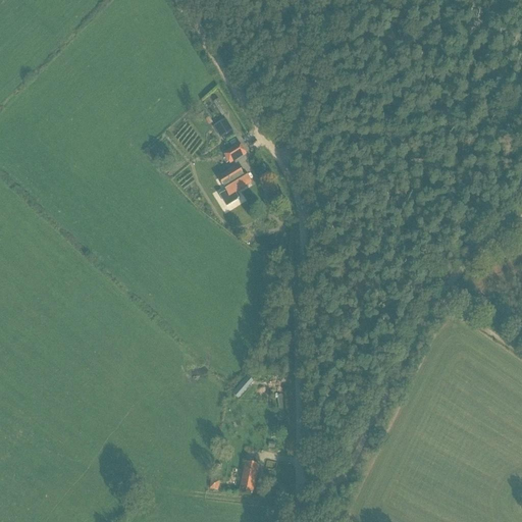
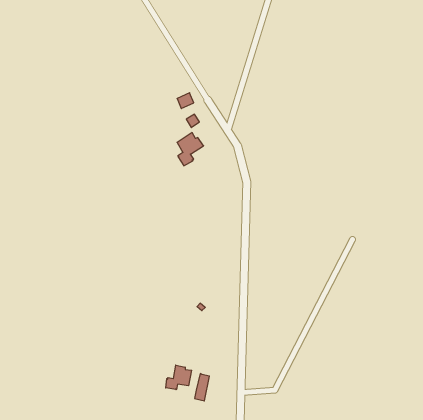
building: none -> [166,365,192,390]

